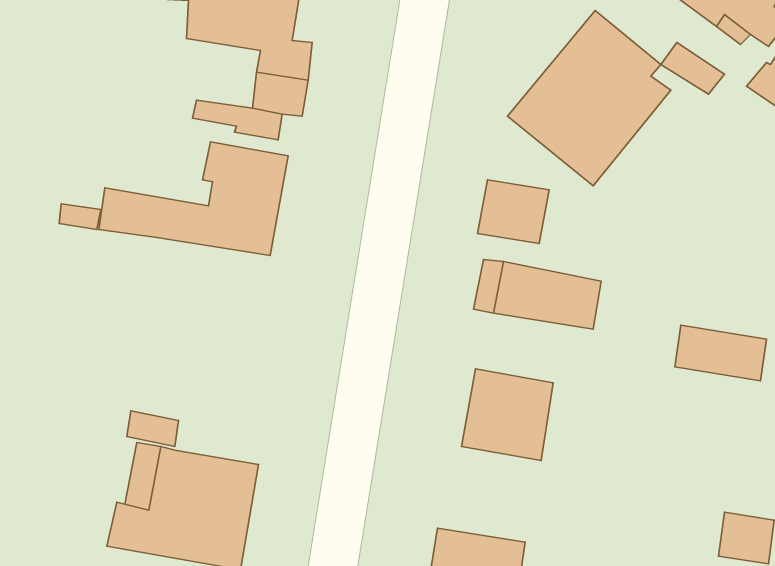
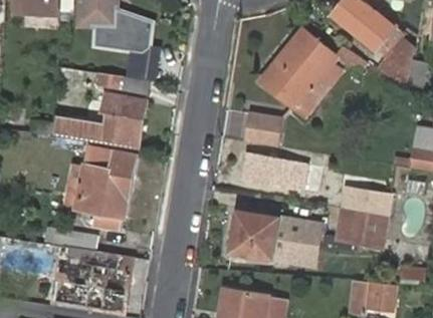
building: none -> [71,153,135,220]
building: none -> [336,209,385,249]
building: none -> [277,216,324,268]

